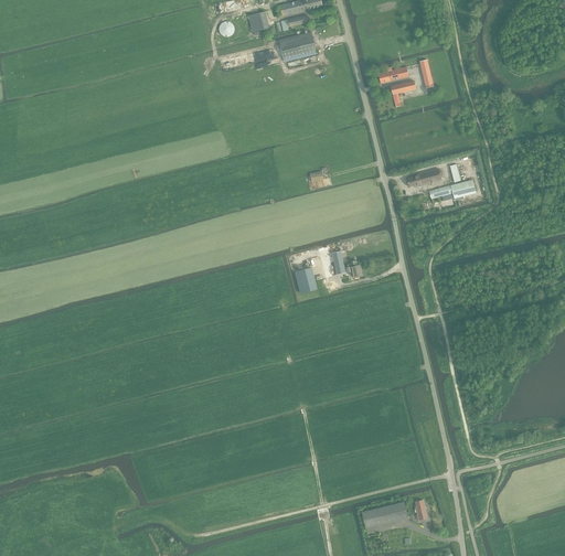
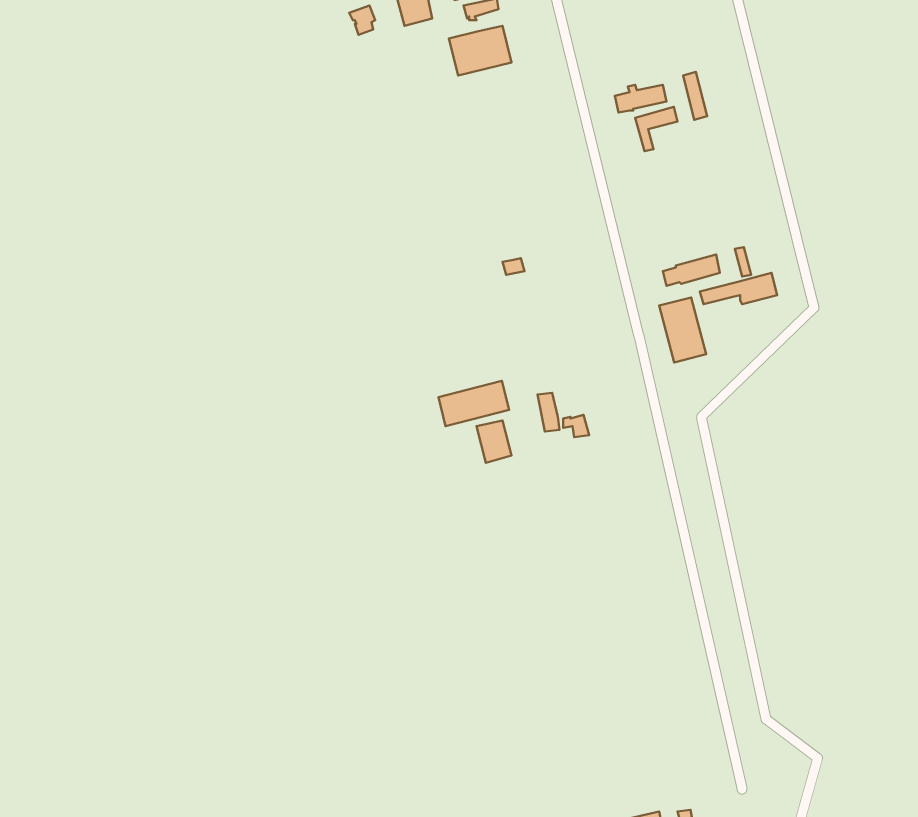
building: none -> [659,297,706,363]
building: none -> [438,381,509,426]

